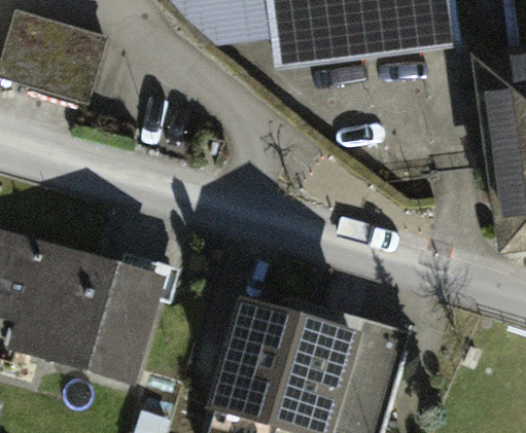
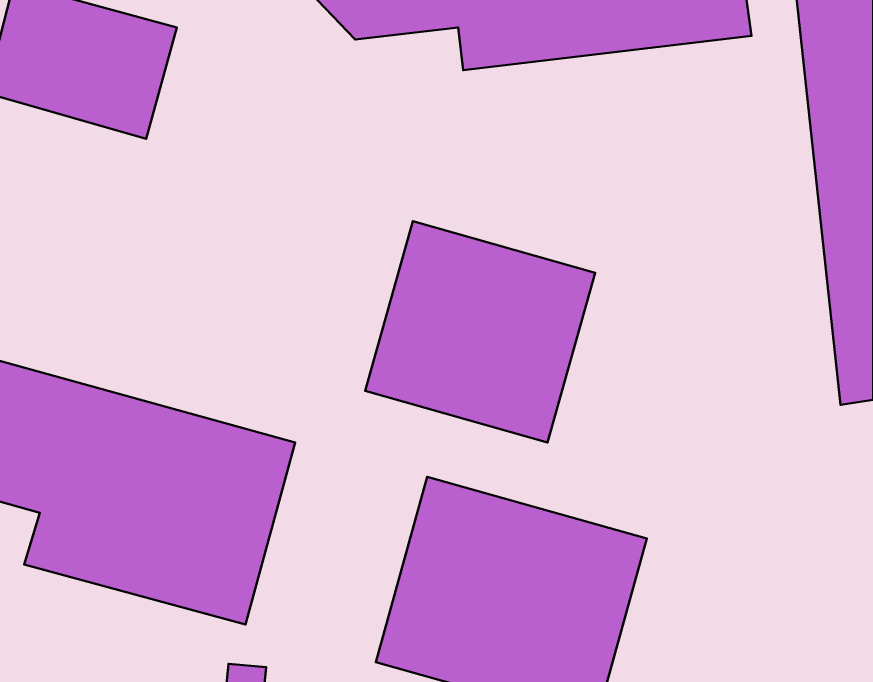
building: none -> [365,221,595,443]

